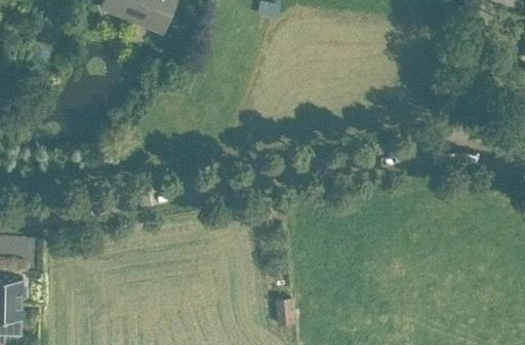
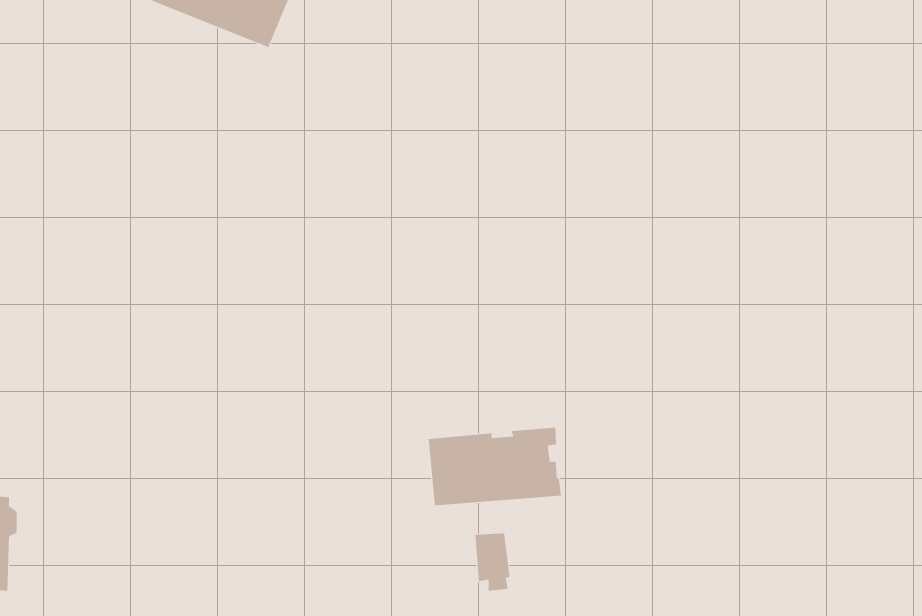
building: none -> [428,427,562,506]

